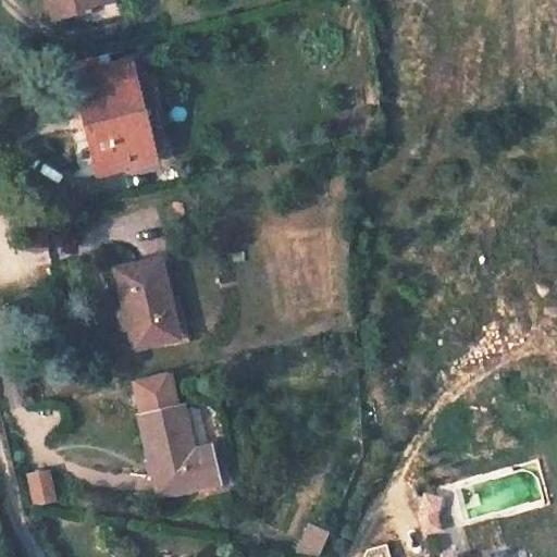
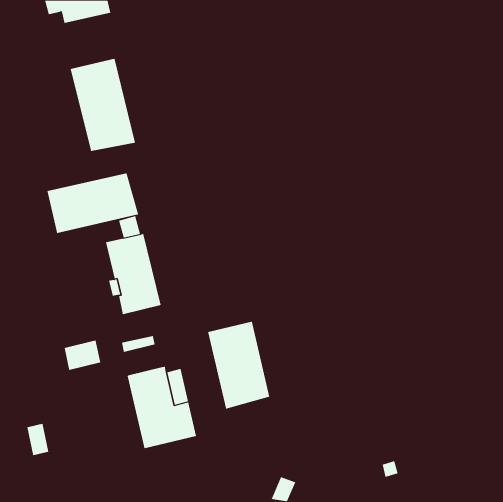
building: none -> [47,173,139,234]
building: none -> [207,321,270,409]
building: [136,382,177,416] -> [64,340,101,370]

